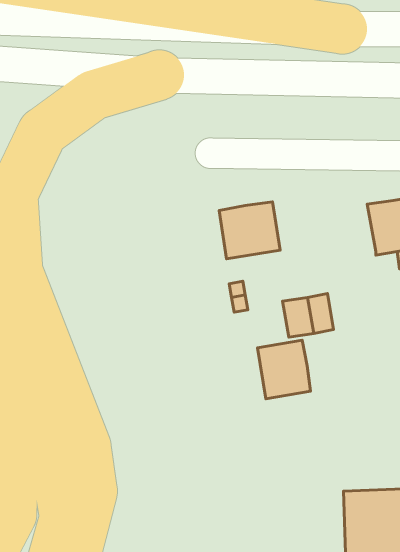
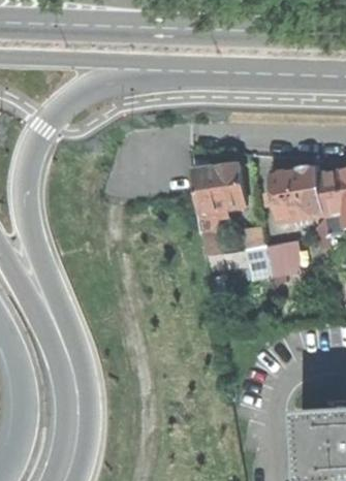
building: none -> [264,164,324,221]
building: [257,340,310,399] -> none

